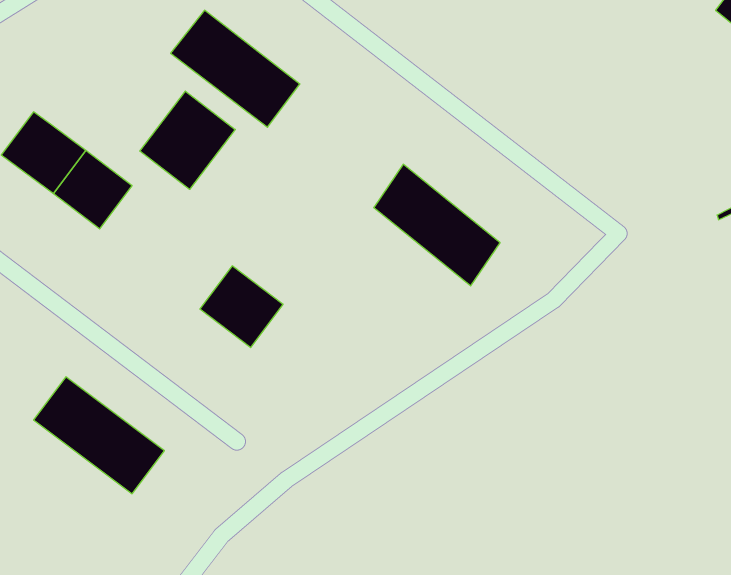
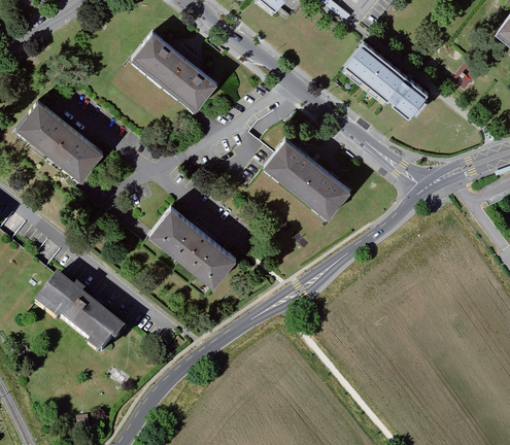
building: none -> [341,43,429,122]
building: [140,91,235,189] -> none
building: none -> [182,232,236,284]

